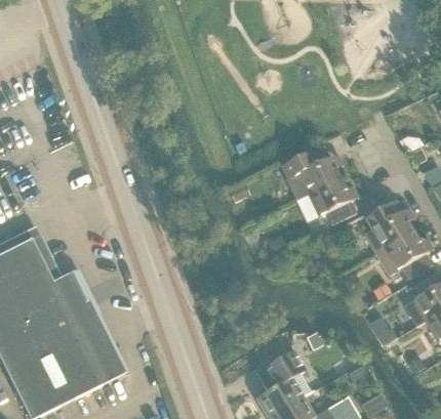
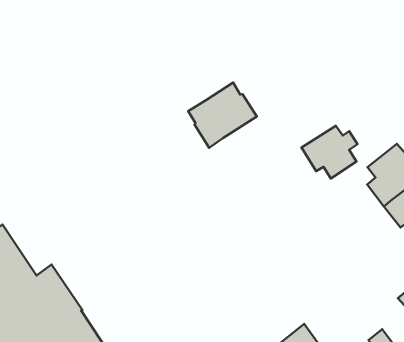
building: [283,145,344,201] -> [188,83,257,148]

